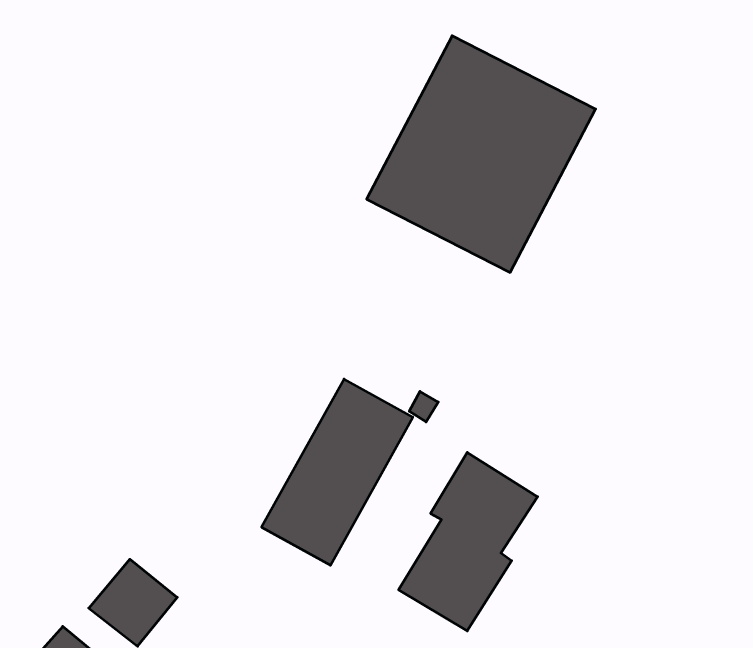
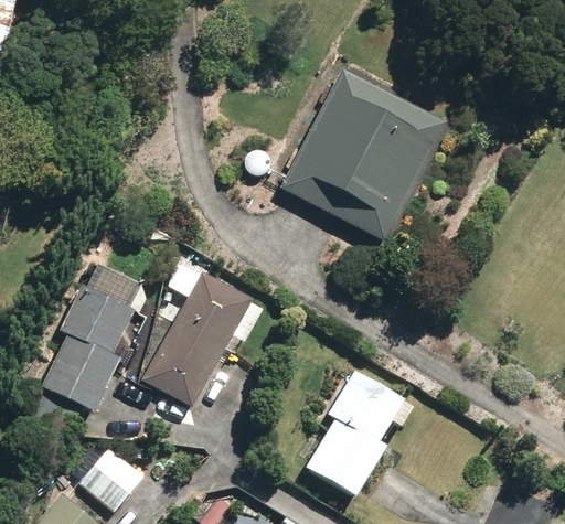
building: none -> [42,263,141,411]
building: [262,379,413,565] -> [142,271,252,406]

